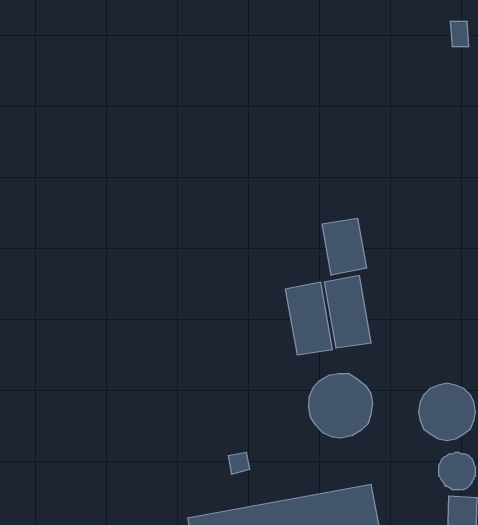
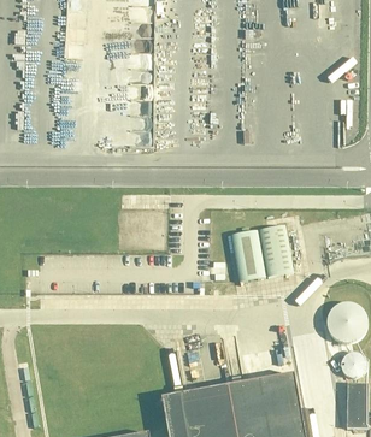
building: [322,218,366,275] -> none
building: [309,373,373,438] -> none

